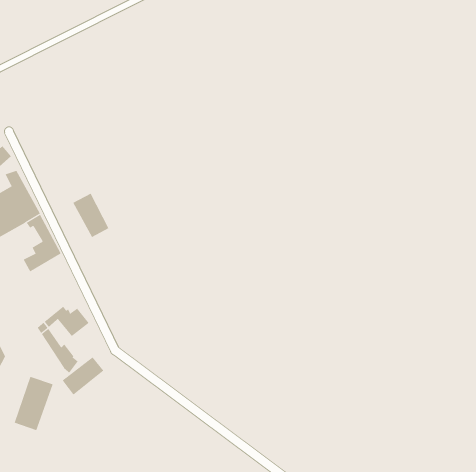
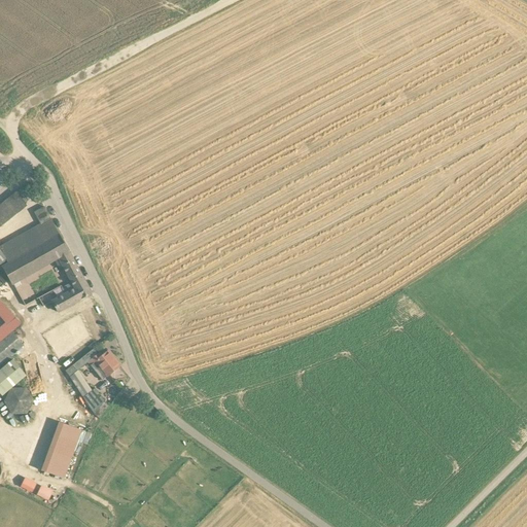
building: [72,193,109,238] -> none
building: [62,356,104,395] -> none

